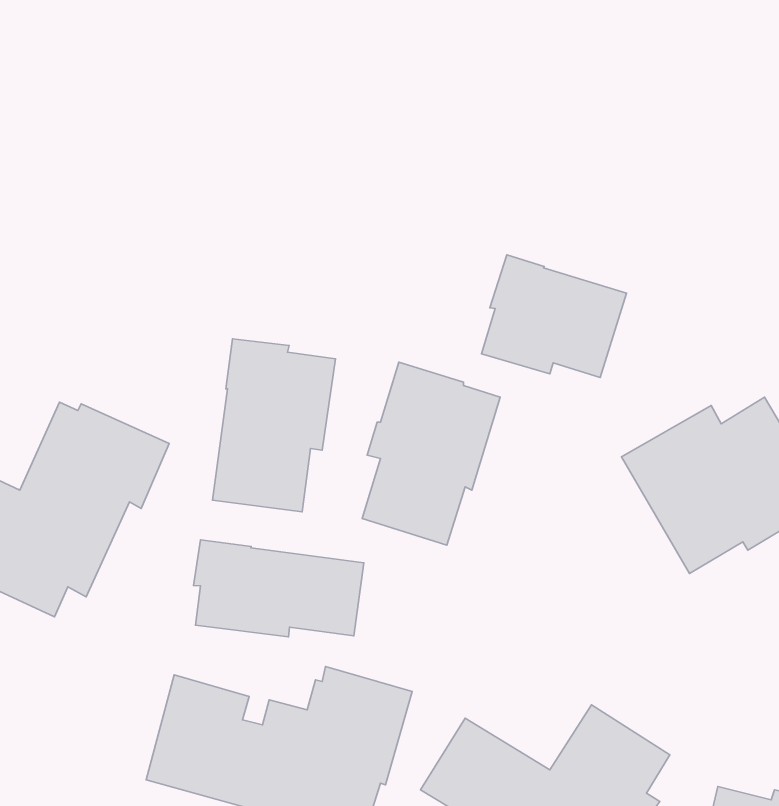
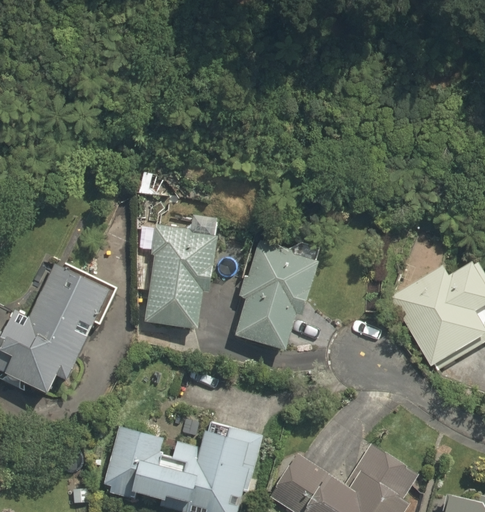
building: [481,255,626,378] -> none
building: [193,540,364,637] -> none

